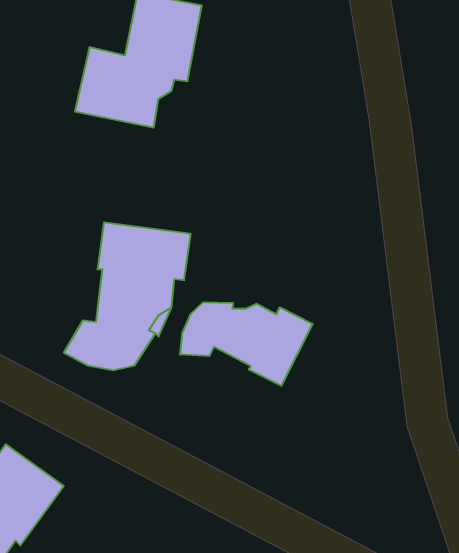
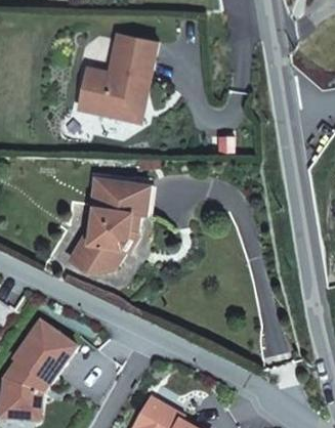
building: [180,302,313,386] -> none

